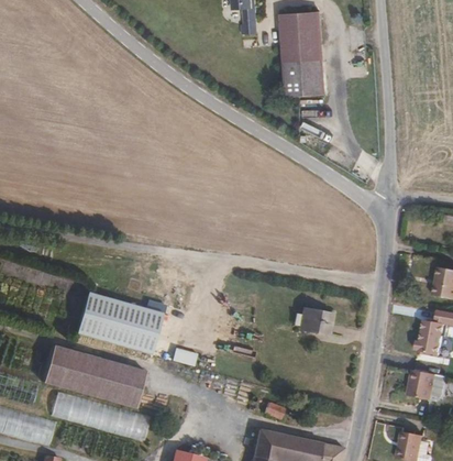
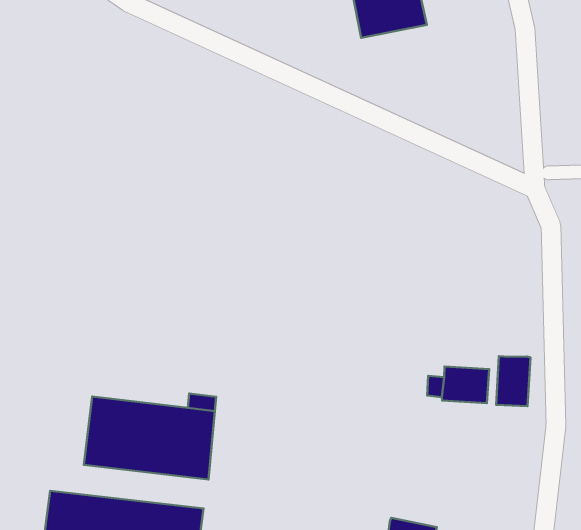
building: none -> [496,356,530,406]

